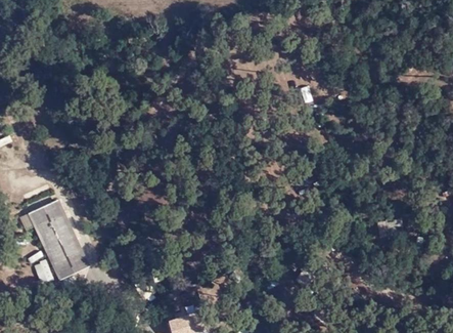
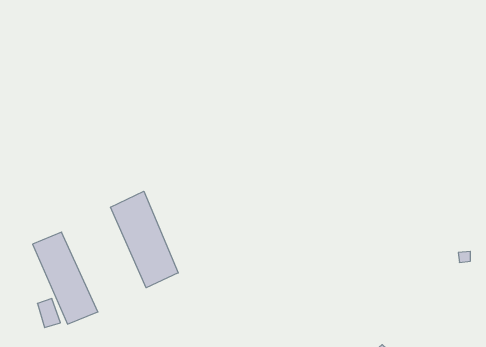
building: none -> [111,191,178,288]

